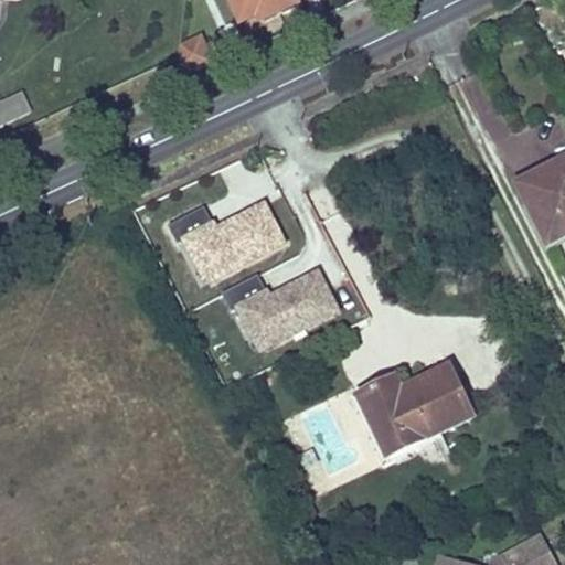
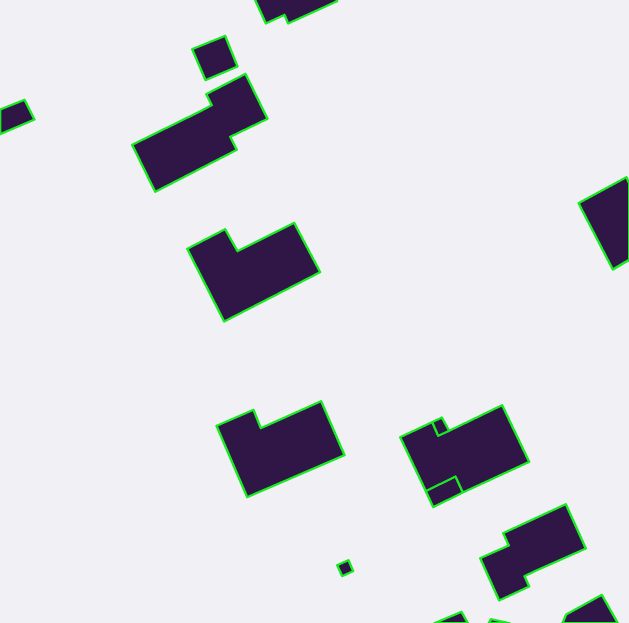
building: none -> [132,74,267,192]
building: [225,267,340,353] -> [217,401,345,497]
building: none -> [480,504,586,601]

